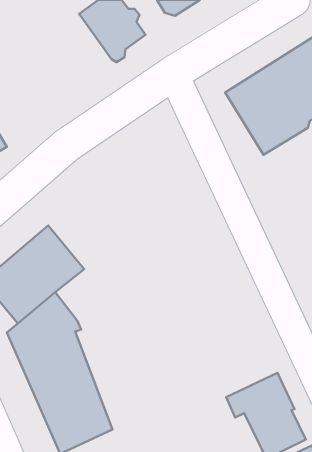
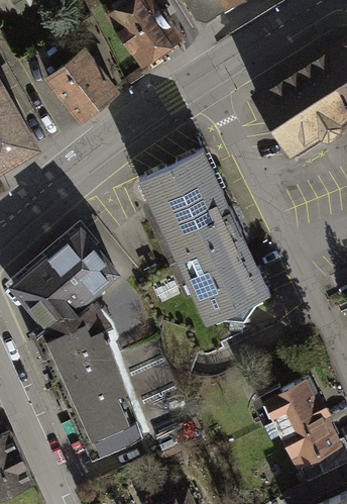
building: none -> [48,54,114,120]
building: none -> [138,152,268,324]

